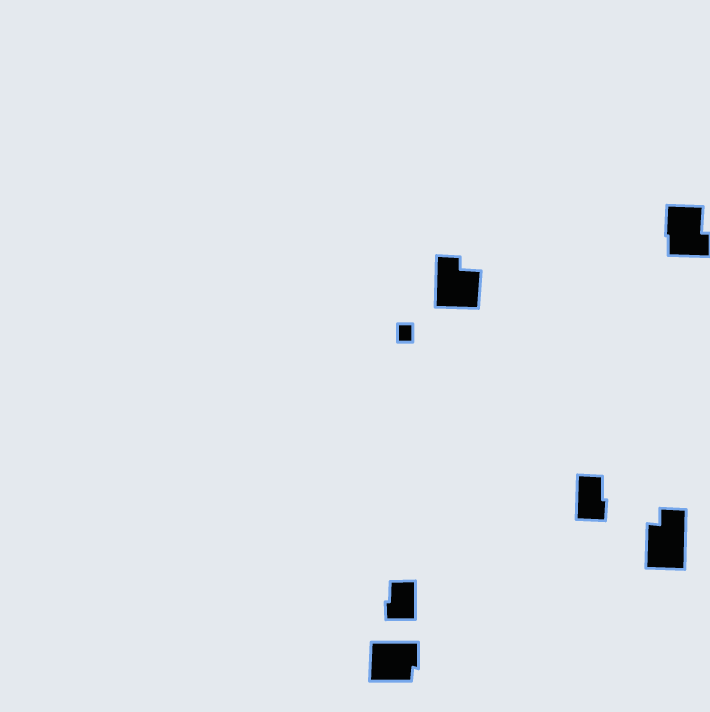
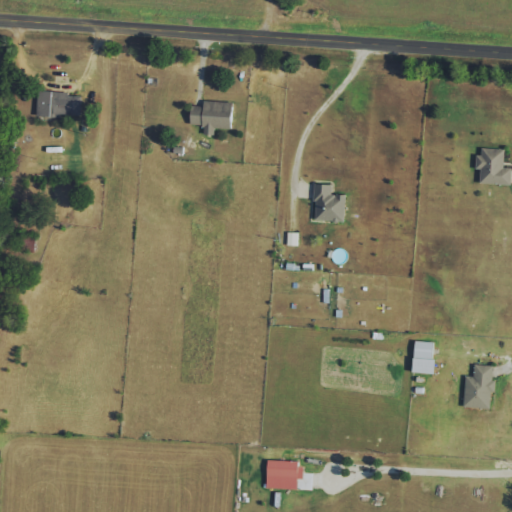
building: none -> [35,91,80,116]
building: none -> [189,100,232,134]
building: [385,581,416,620] -> none

